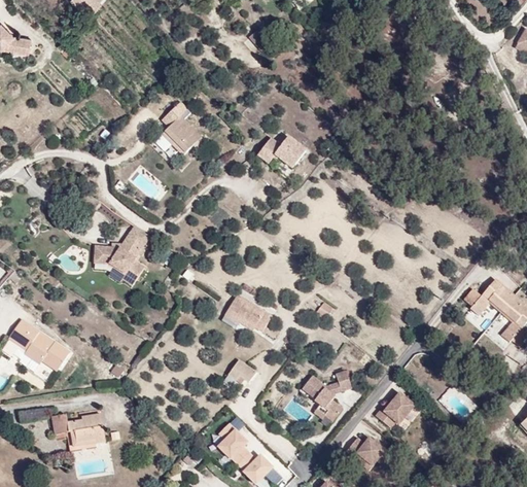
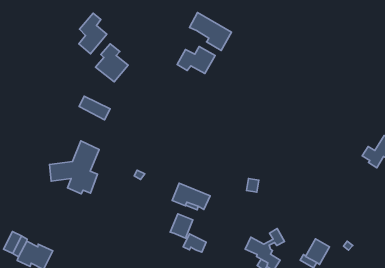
building: none -> [79,13,107,54]
building: none -> [190,13,231,50]
building: none -> [170,214,193,238]

